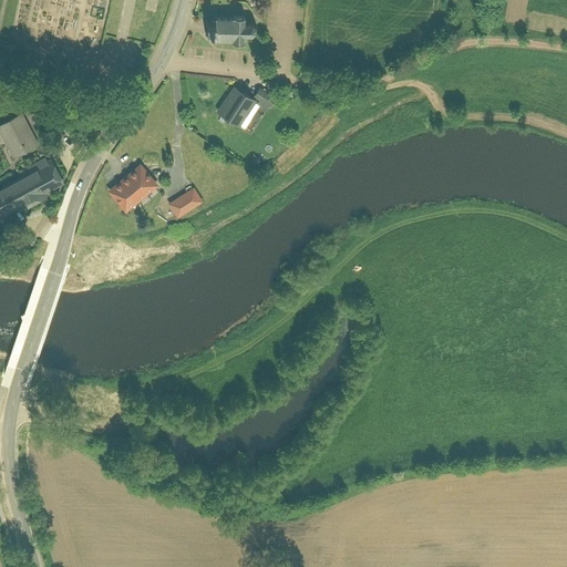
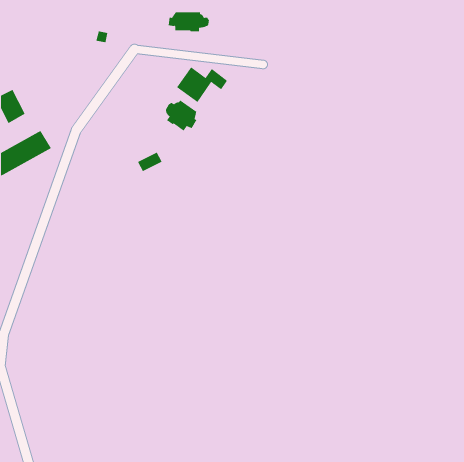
building: none -> [165,100,197,131]
building: [109,165,157,213] -> none

